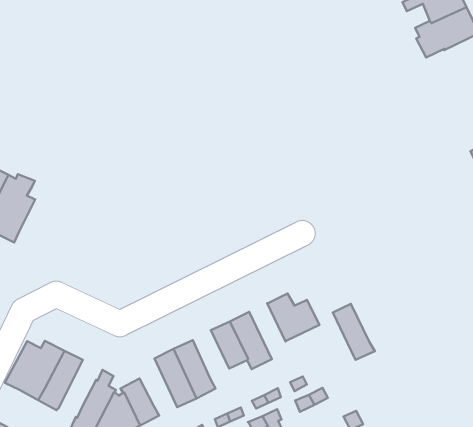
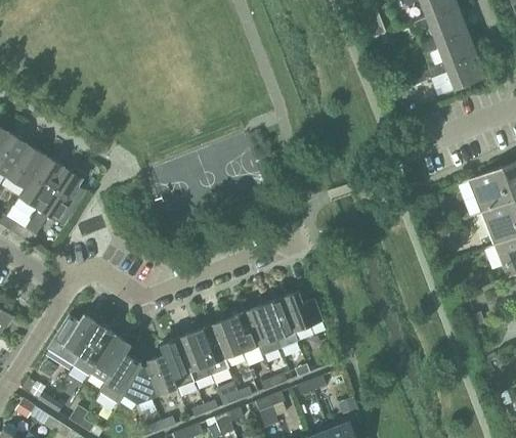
building: [333,304,375,360] -> [264,298,298,347]
building: none -> [213,317,243,359]
building: none -> [161,338,195,388]
building: none -> [91,334,132,384]

